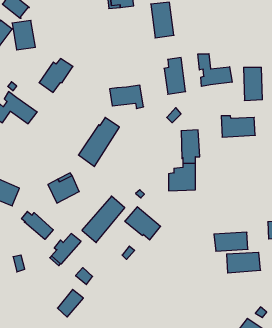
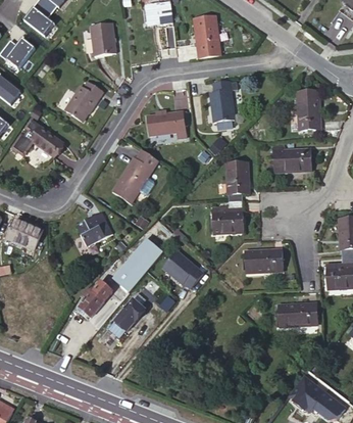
building: [12,20,35,50] -> [91,21,117,55]
building: [198,54,232,86] -> none
building: [22,211,53,239] -> none
building: [214,232,248,251] -> [245,249,284,271]
building: [57,289,83,317] -> [115,298,145,330]

